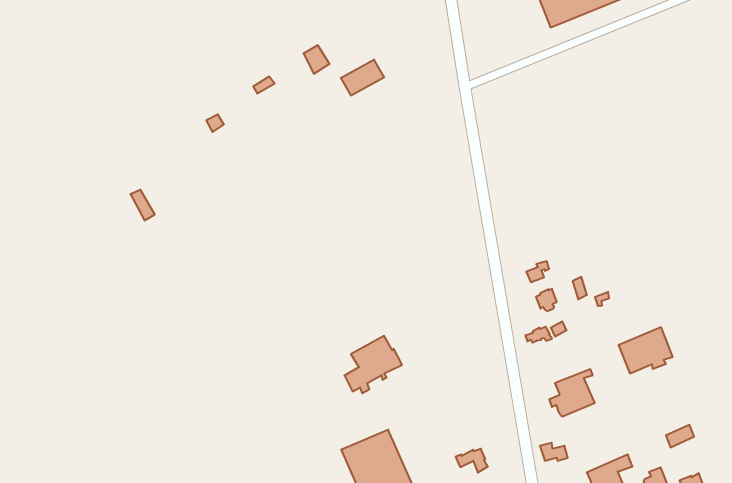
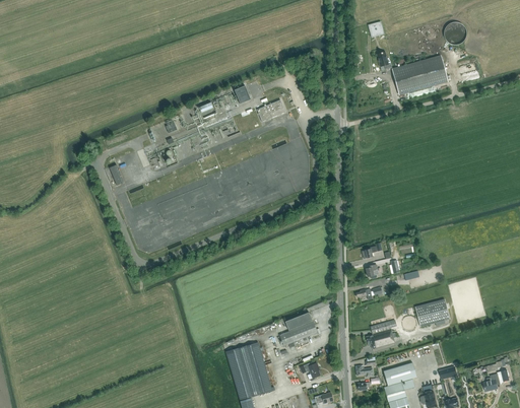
building: [344,336,402,393] -> [279,312,318,347]
building: none -> [384,362,416,385]

